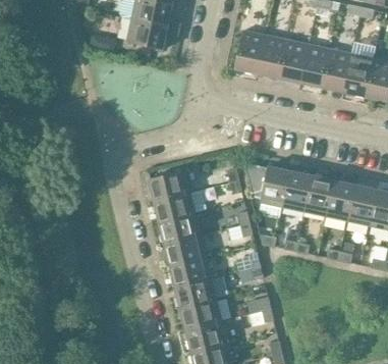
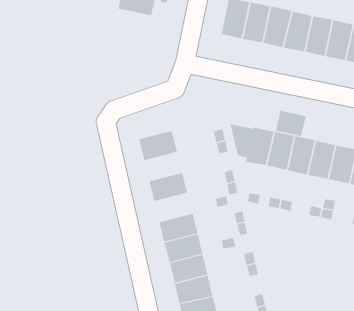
building: none -> [275,110,307,137]
building: [154,192,195,222] -> none
building: [164,235,206,265] -> none

